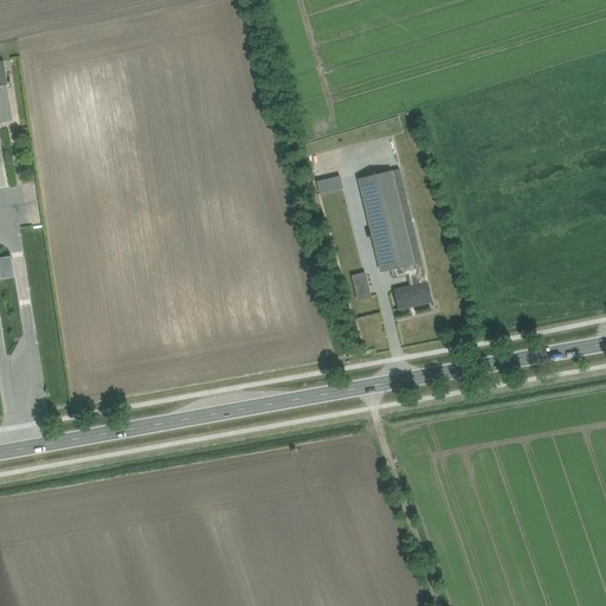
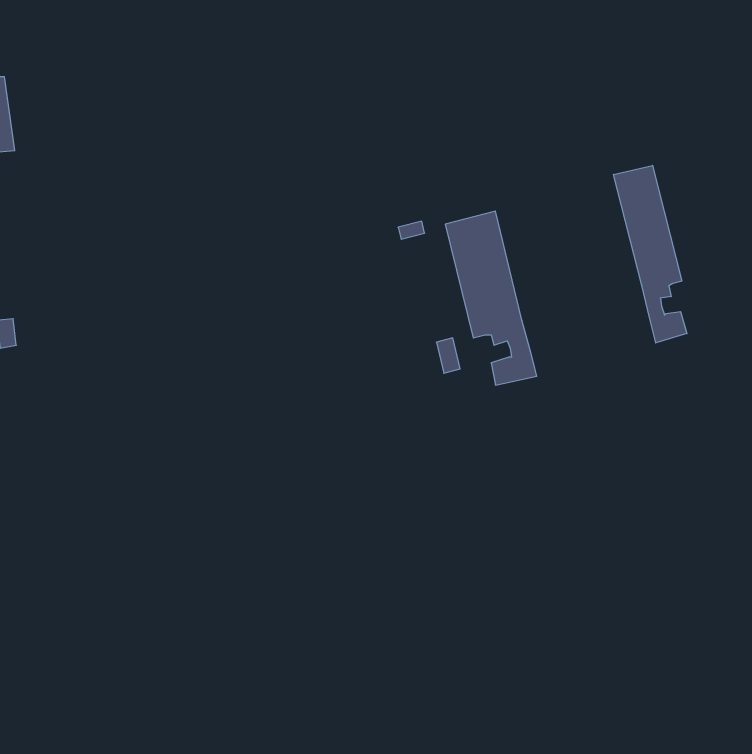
building: none -> [614,165,687,343]

